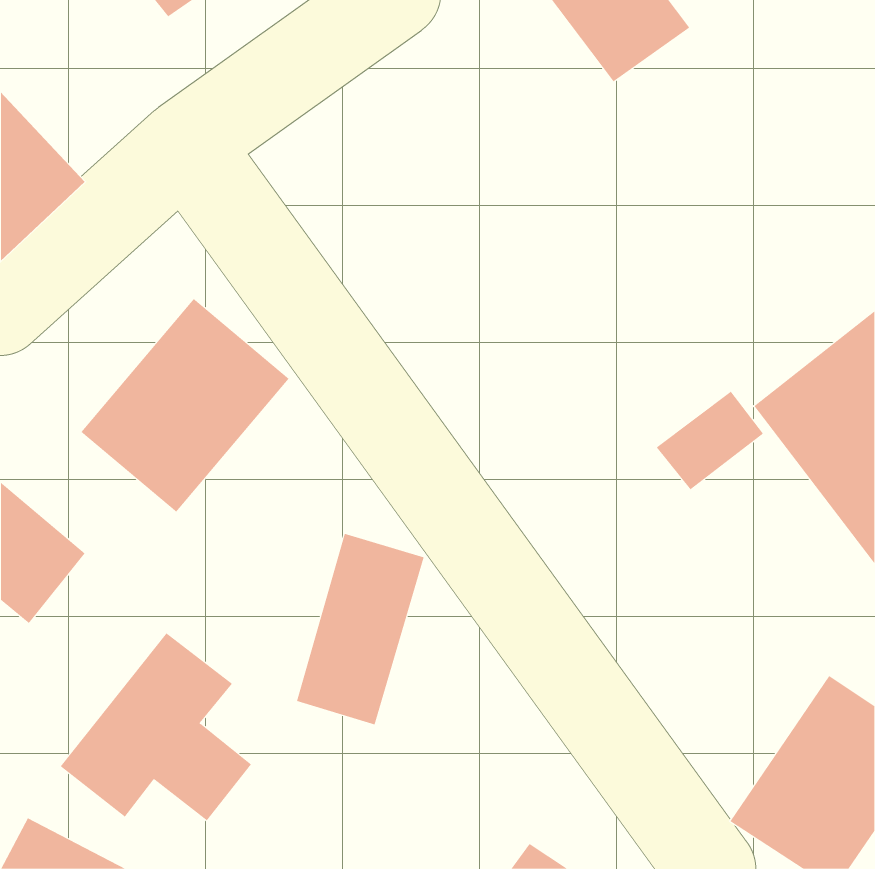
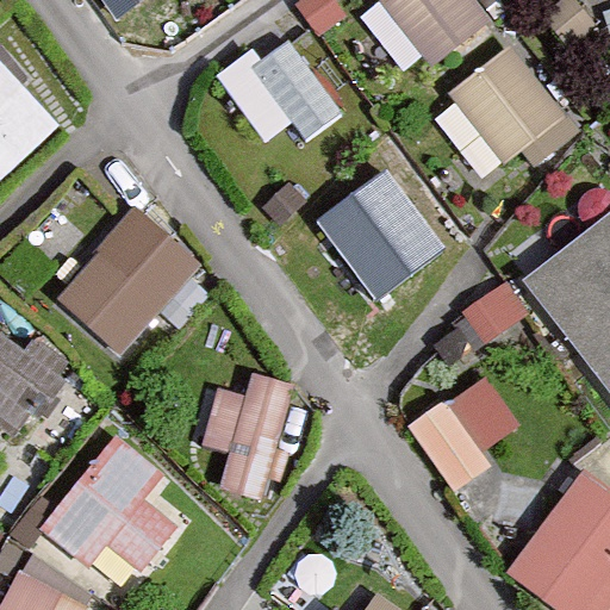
building: none -> [217,42,342,143]
building: none -> [447,46,559,162]
building: none -> [315,156,444,293]
building: none -> [409,375,521,494]

